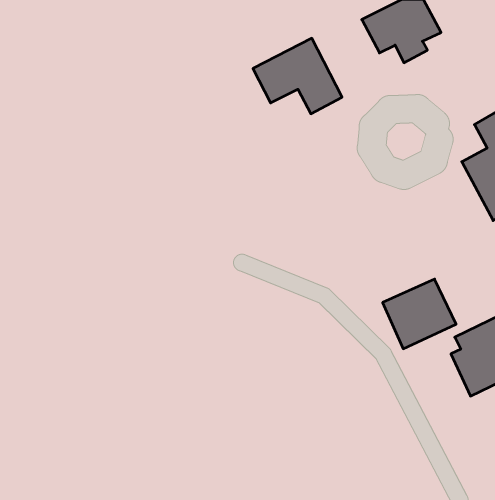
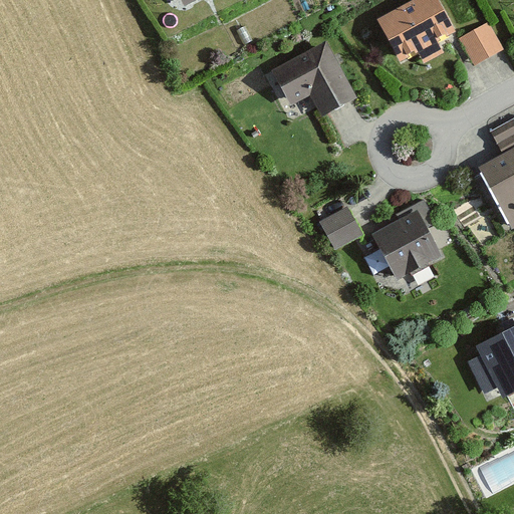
building: none -> [462,22,505,64]
building: none -> [317,206,362,251]
building: [383,279,456,349] -> [366,211,442,282]

